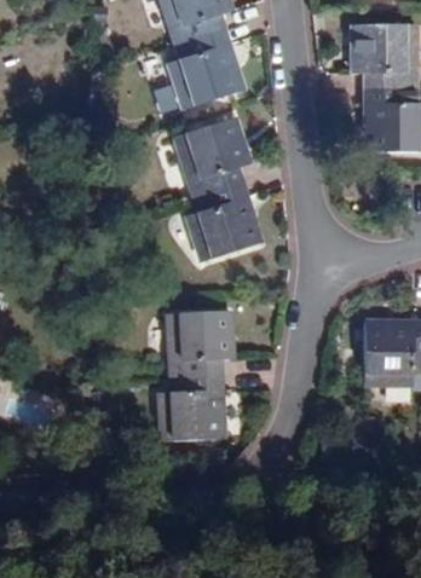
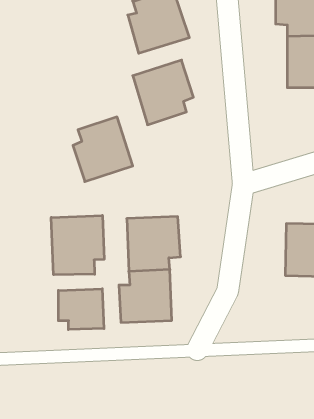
building: [188,181,261,261] -> [73,117,133,182]
building: none -> [51,215,104,275]
building: none -> [58,289,104,330]

